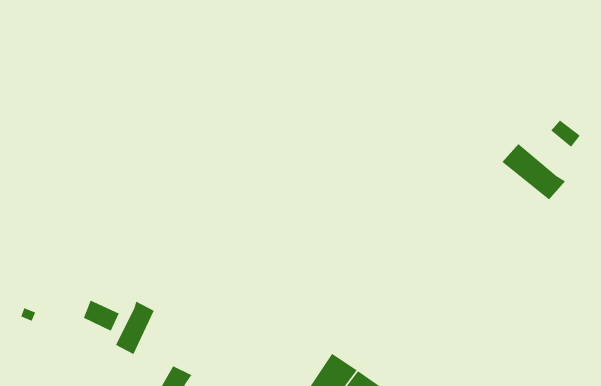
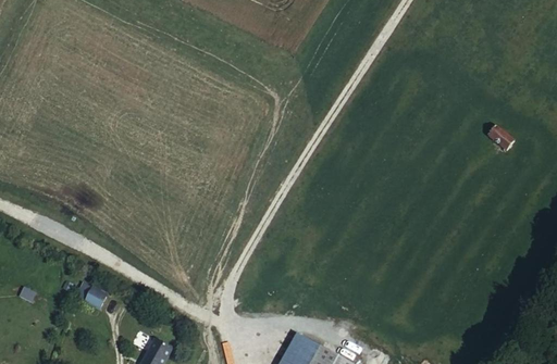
building: [502,143,566,200] -> none
building: [115,300,155,355] -> none

